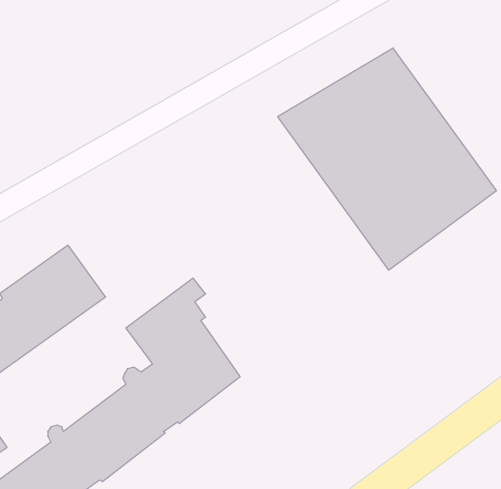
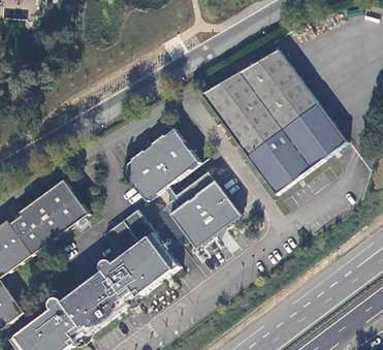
building: none -> [121,128,238,246]

